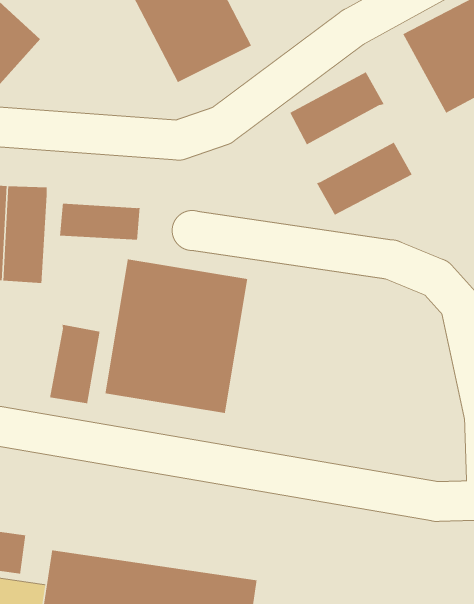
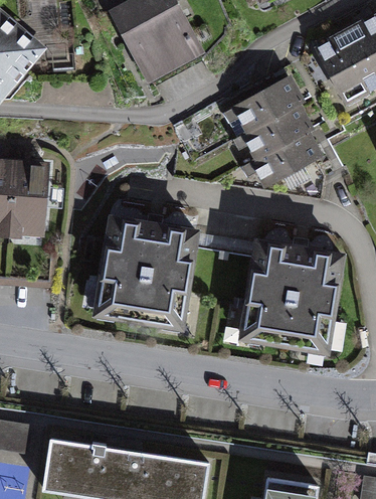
building: none -> [241,100,314,157]
building: [59,203,141,241] -> none
building: none -> [237,239,346,357]
building: [49,324,101,404] -> none

